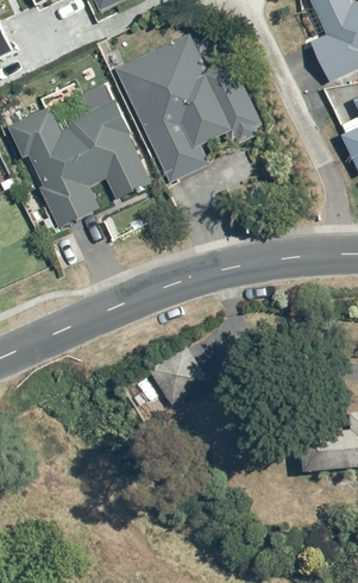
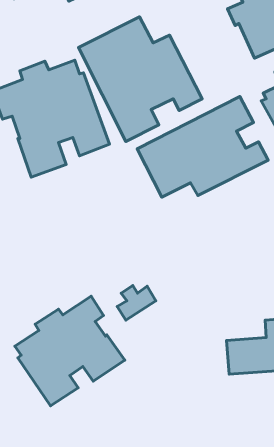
building: none -> [137,96,268,197]
building: none -> [15,296,125,406]

